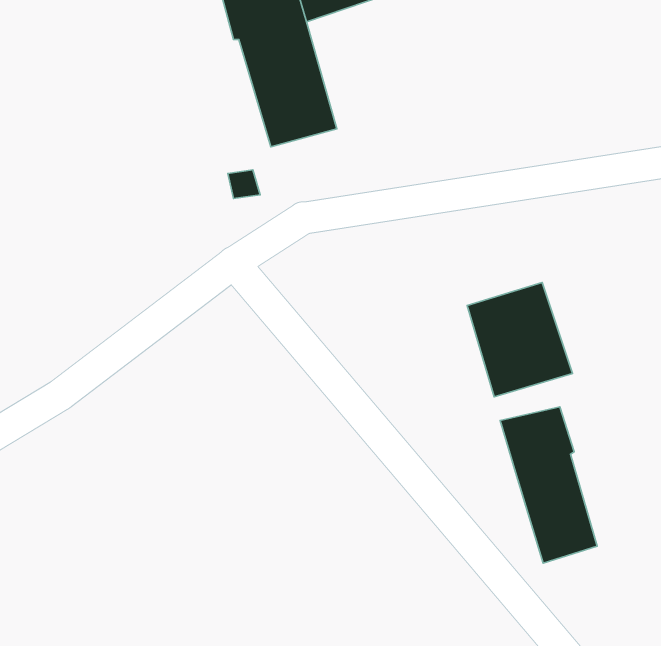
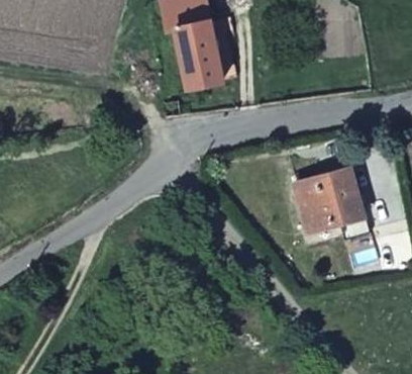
building: [500,407,597,563] -> none

